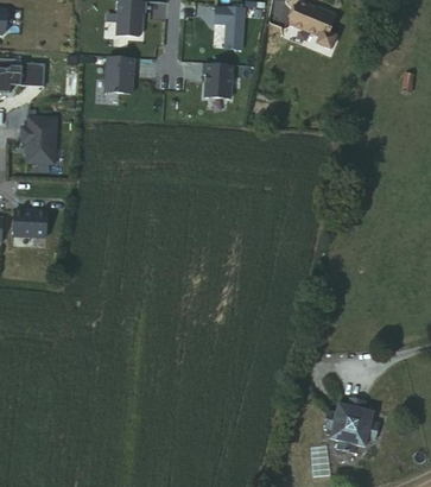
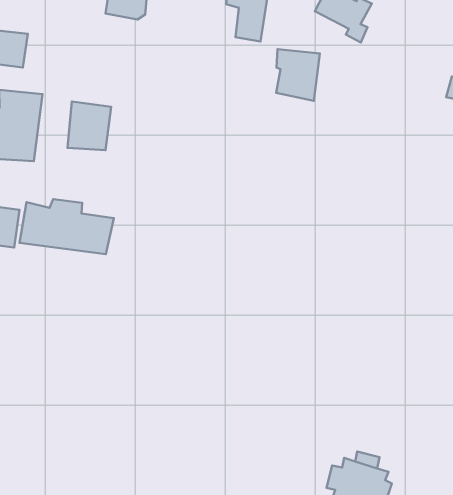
building: [102,55,137,94] -> [68,101,111,150]
building: [201,61,236,102] -> [276,49,320,101]
building: none -> [20,199,114,254]

